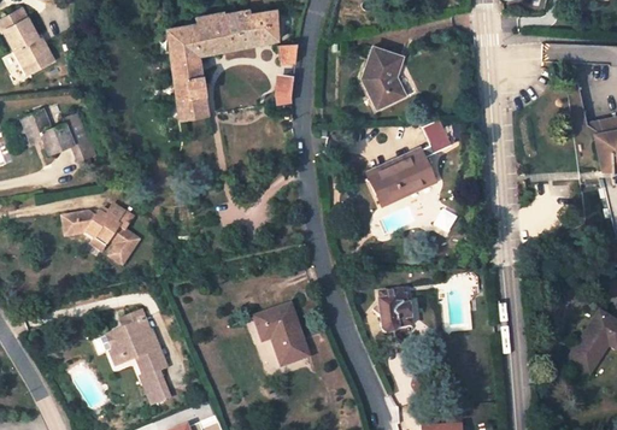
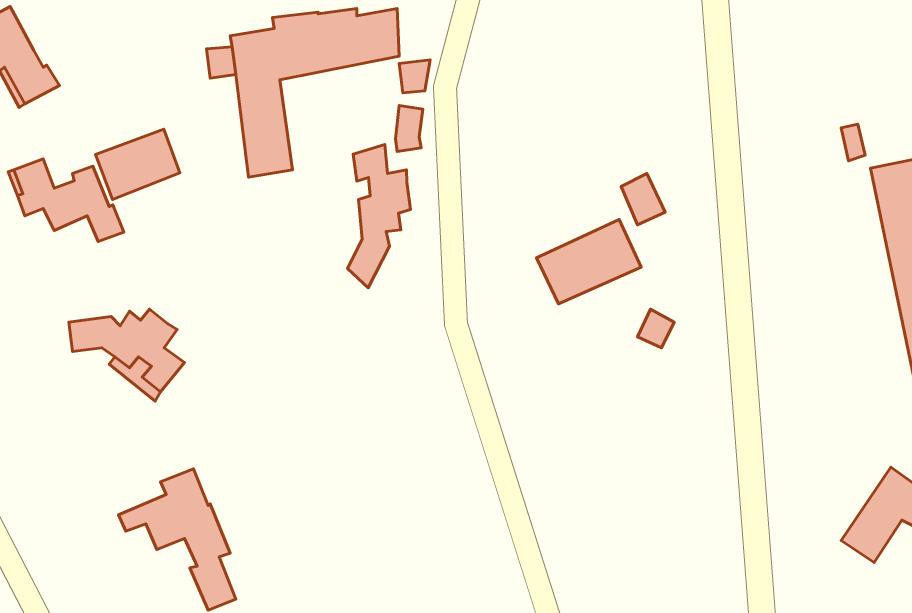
building: [364,45,405,106] -> none
building: none -> [95,129,180,199]
building: none -> [348,145,411,288]
building: [378,288,411,332] -> none
building: [253,304,308,365] -> none

